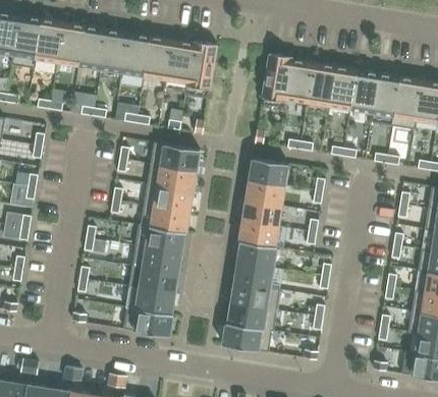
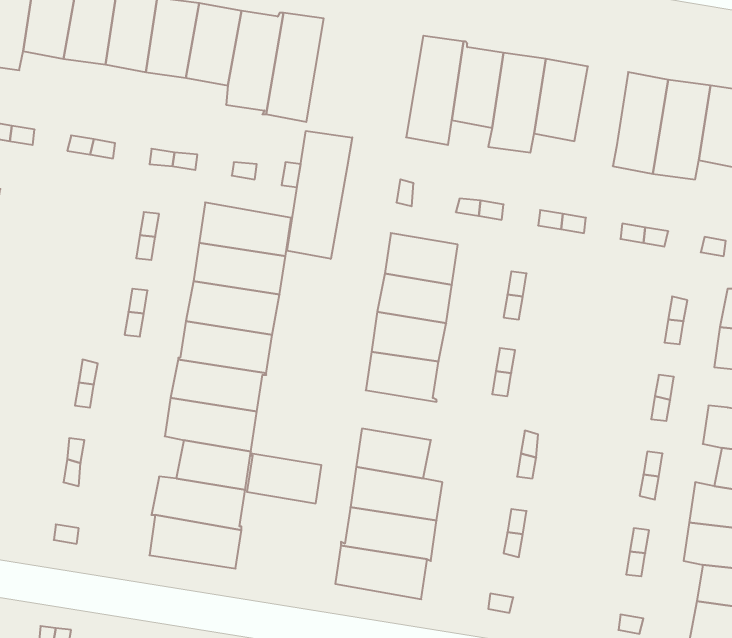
building: [350,69,379,112] -> none
building: none -> [287,131,352,259]
building: [237,241,277,268] -> [247,454,321,503]

